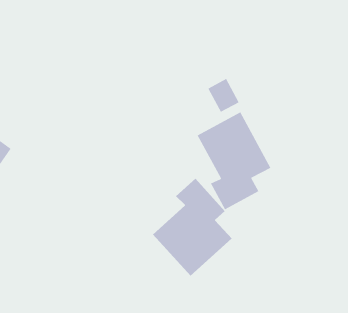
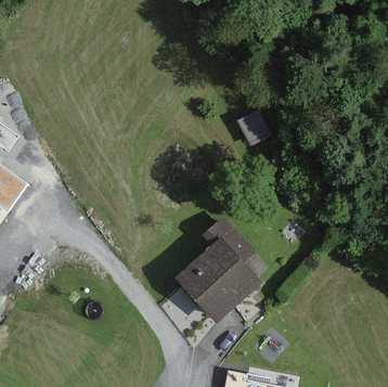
building: [197,111,271,210] -> none

